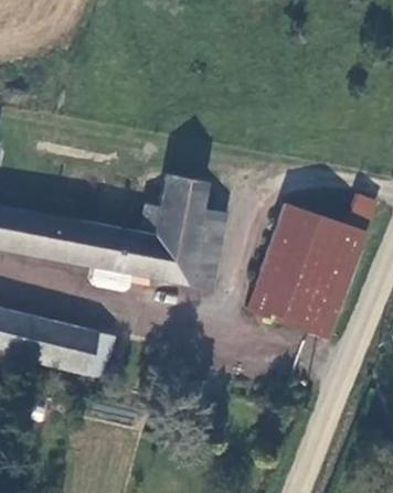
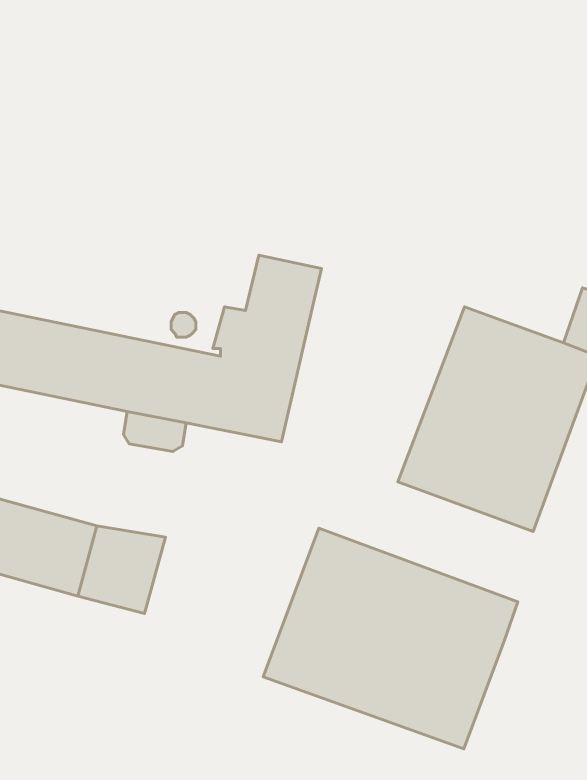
building: [182,205,229,288] -> none
building: none -> [263,528,518,749]

